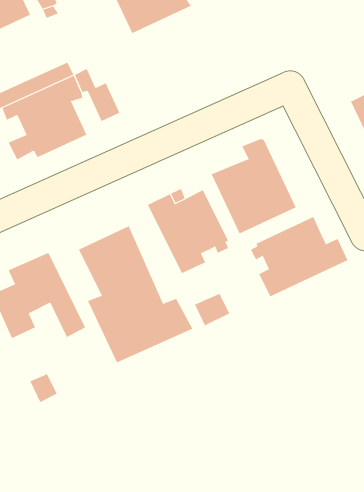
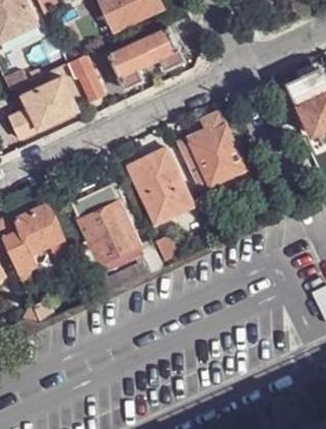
building: none -> [108,26,184,89]
building: [250,216,348,297] -> none

